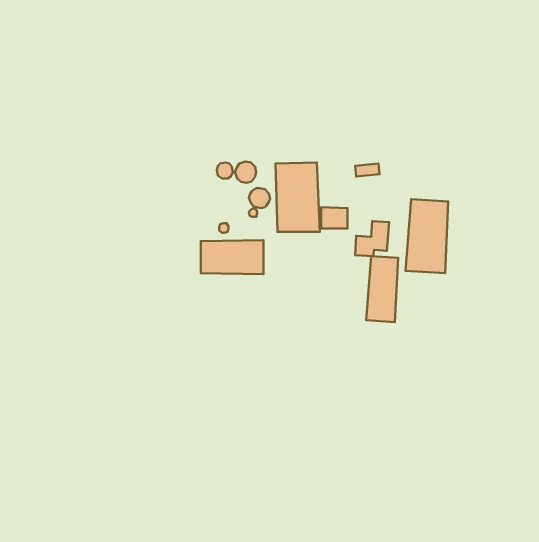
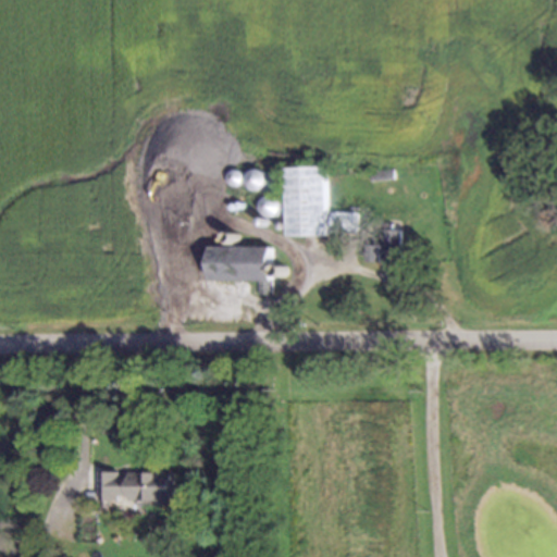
building: [405,199,448,273] -> none
building: [366,256,398,322] -> none
building: none -> [97,467,172,502]

